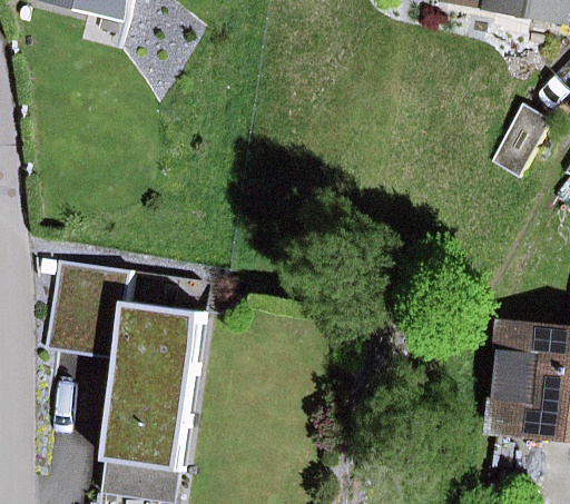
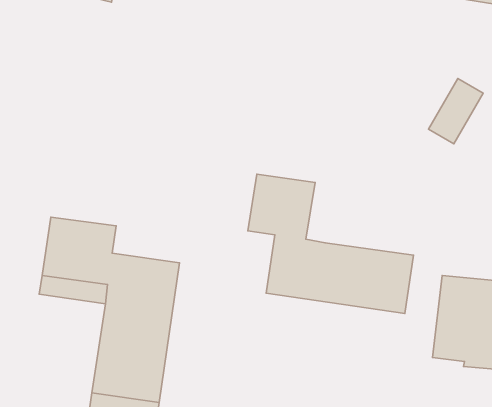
building: none -> [248,174,413,313]

